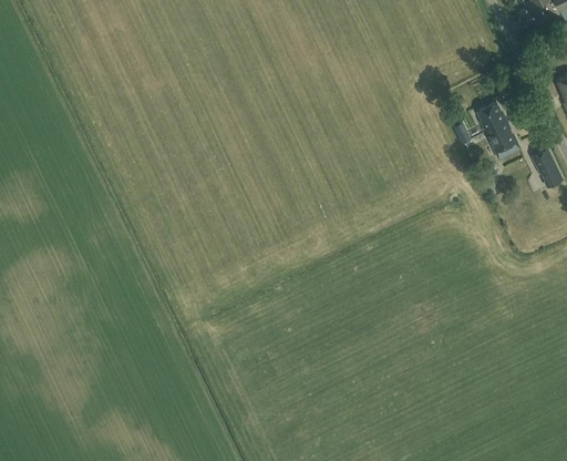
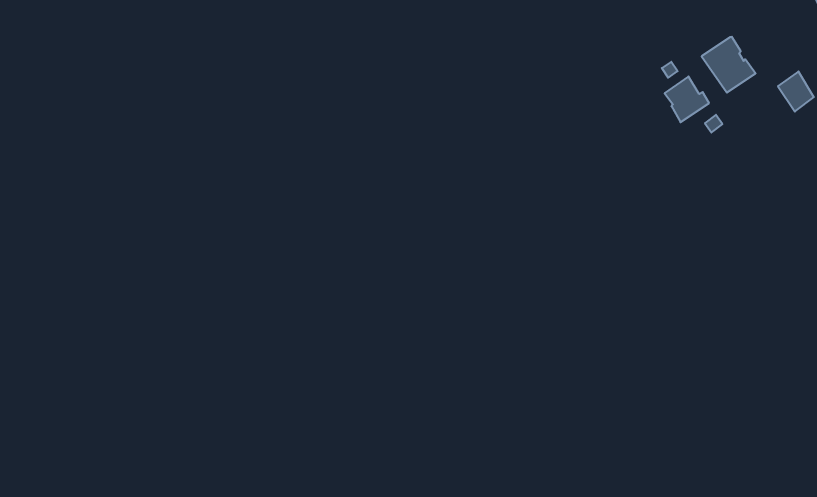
building: [480,105,507,134] -> [665,76,709,122]

